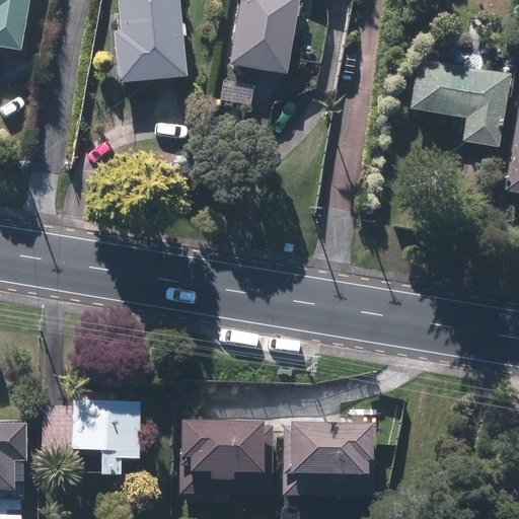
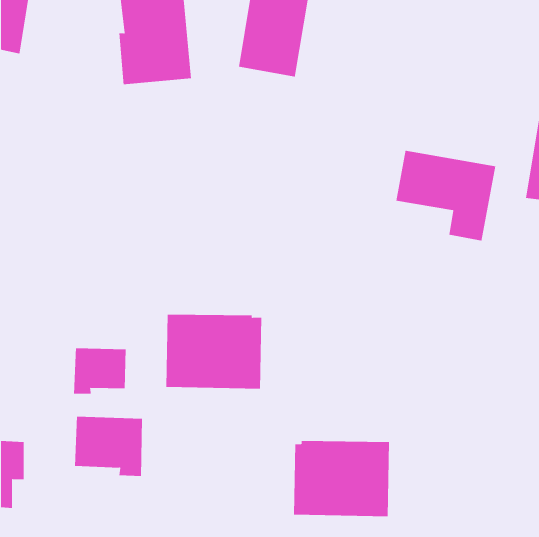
building: [413,59,509,146] -> [395,150,496,241]
building: none -> [74,347,126,395]
building: [179,420,272,492] -> [166,314,262,389]

